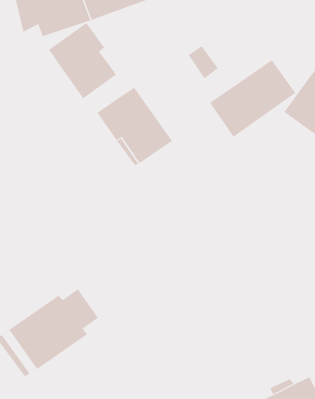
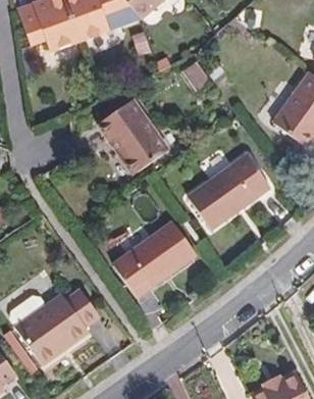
building: [48,22,117,99] -> none
building: [209,59,296,137] -> [189,154,270,228]
building: none -> [114,220,197,296]

